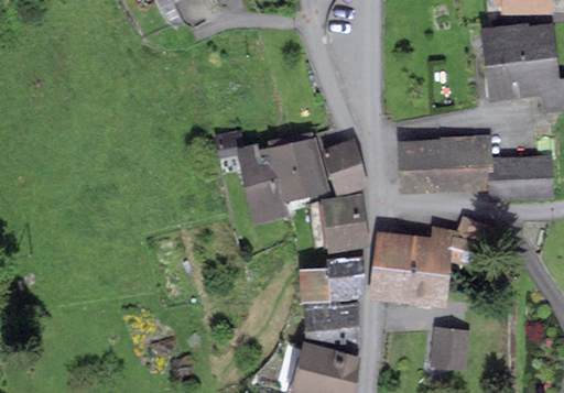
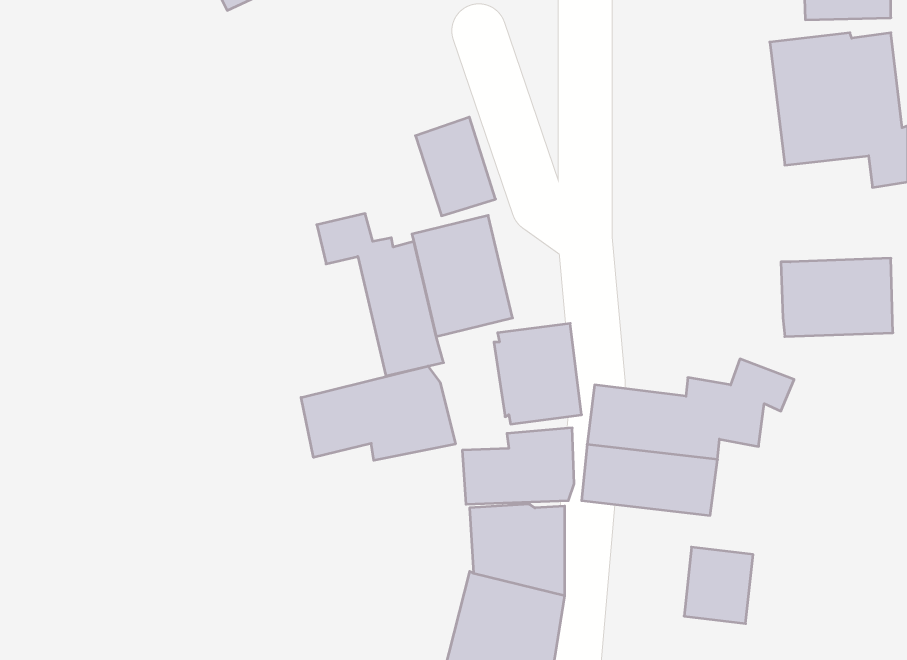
building: [397,134,492,194] -> none
building: [321,138,368,196] -> [415,117,496,216]
building: none -> [301,366,455,460]

